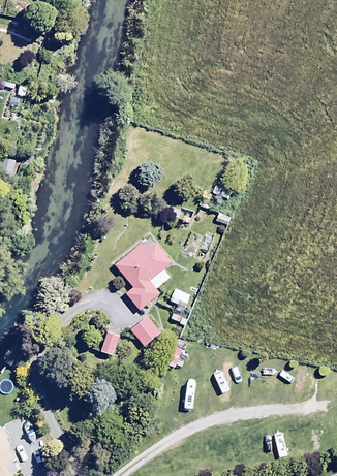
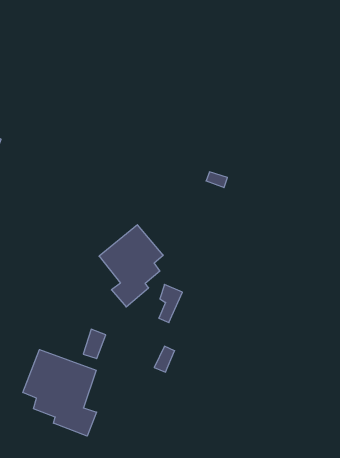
building: [128,314,161,347] -> none
building: none -> [23,350,97,436]

